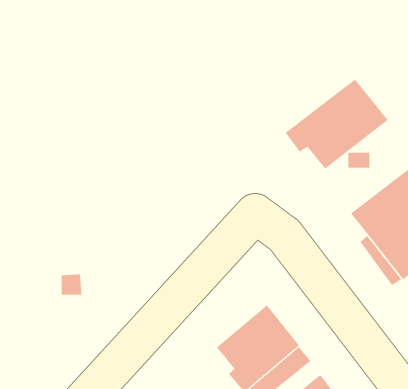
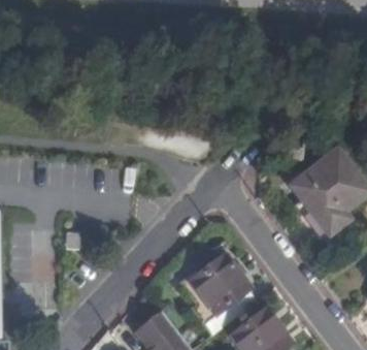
building: [285,78,389,169] -> none

